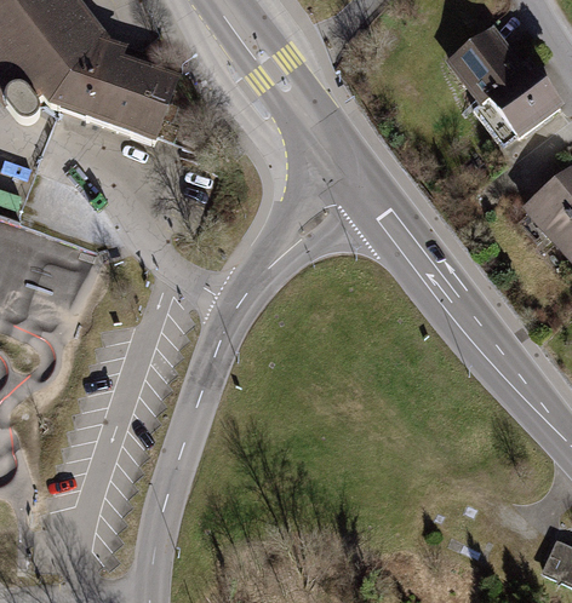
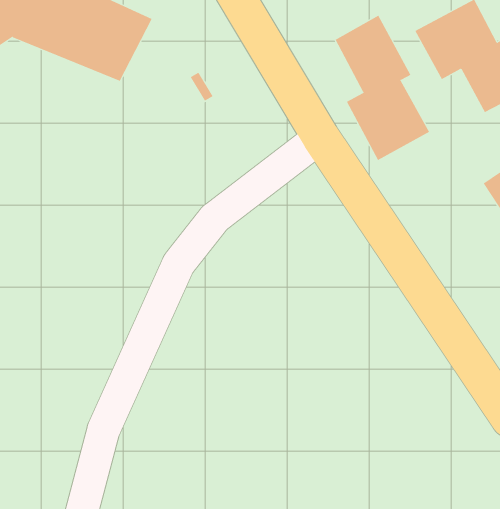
building: none -> [335,15,430,161]

